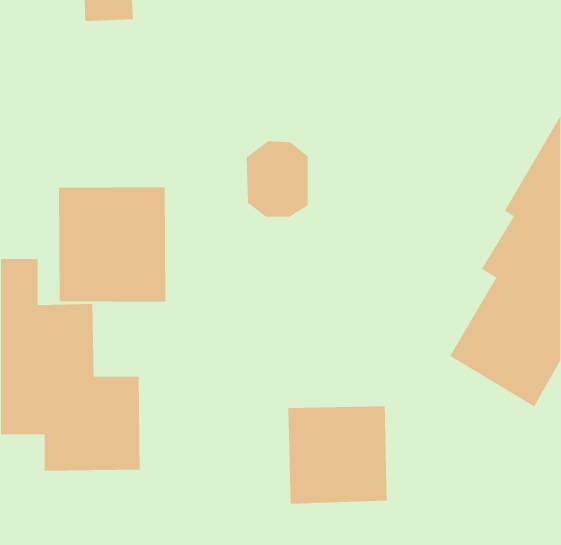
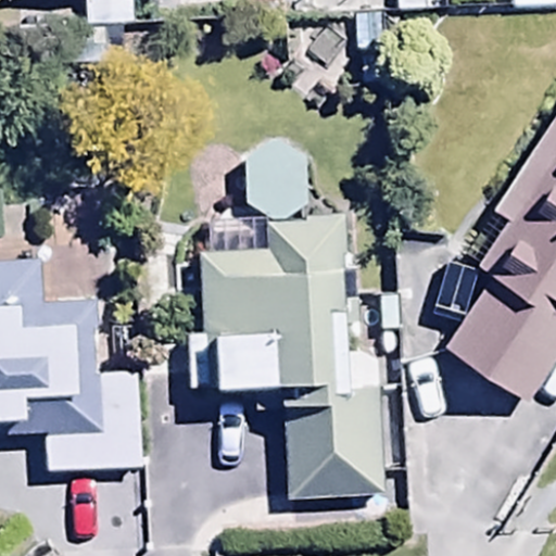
building: [58,186,166,302] -> none
building: none -> [188,218,352,389]

